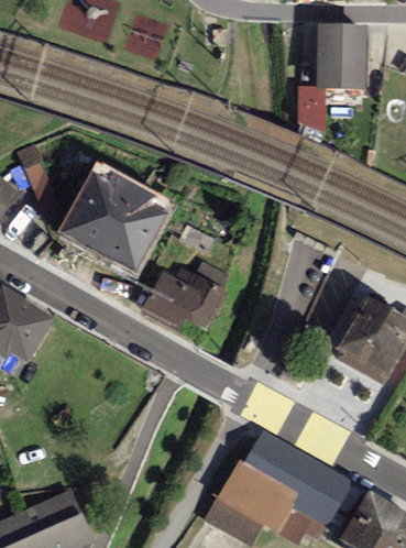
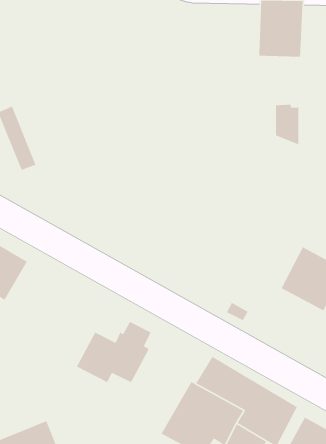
building: [296,81,323,129] -> [275,104,299,145]
building: [64,171,166,275] -> none
building: [140,260,227,331] -> [76,321,152,383]

